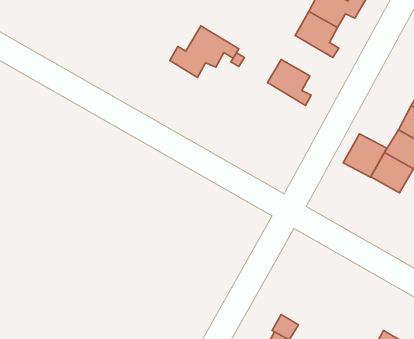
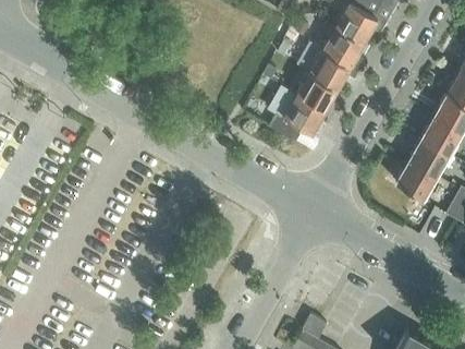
building: [170,26,239,78] -> [268,95,333,144]
building: none -> [310,50,359,88]
building: [343,134,387,177] -> none

